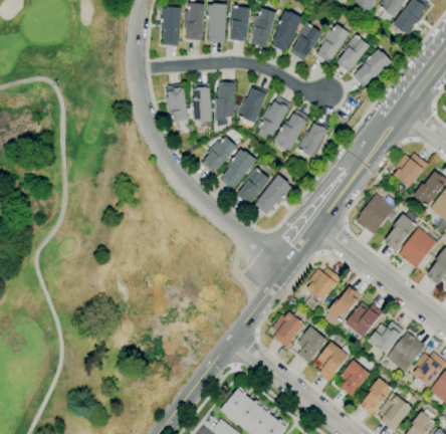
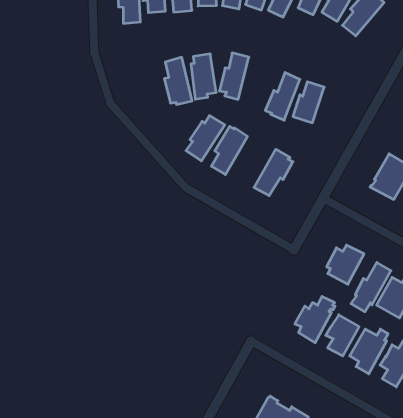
building: [166,83,189,123] -> none
building: [259,96,290,136] -> none
building: [236,167,270,206] -> none

